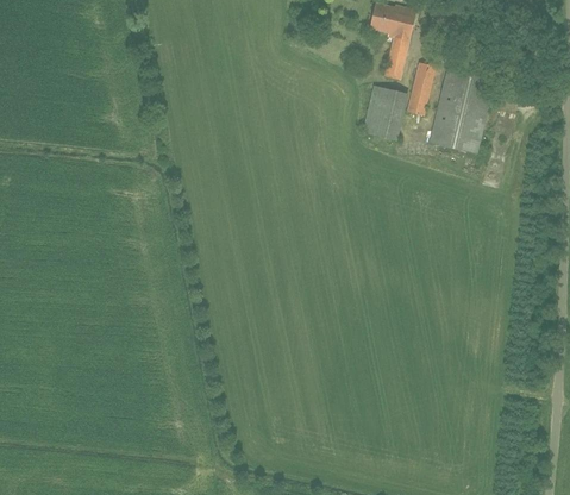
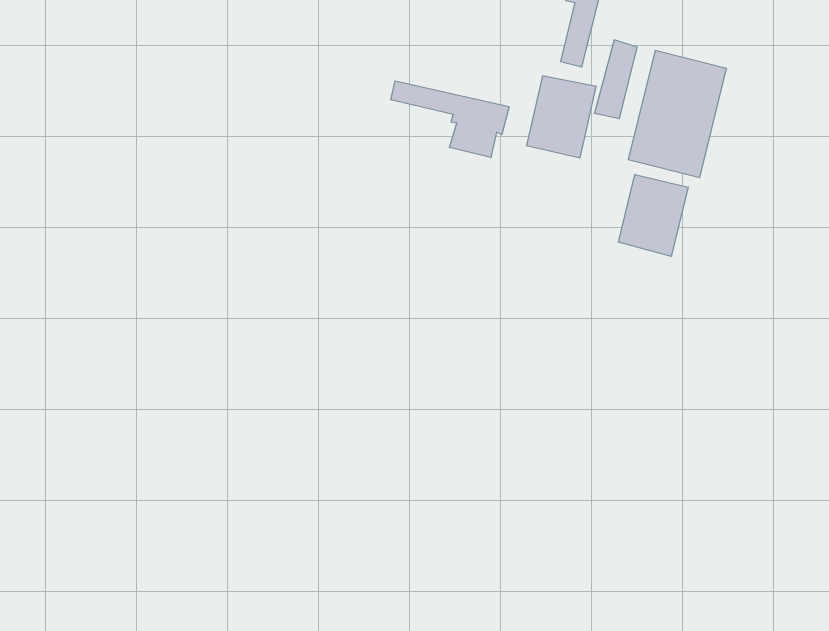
building: none -> [391,81,509,158]
building: none -> [619,174,688,256]

